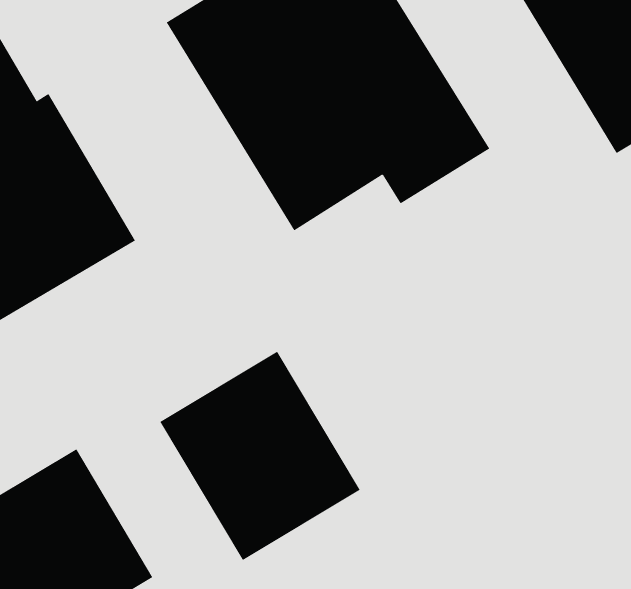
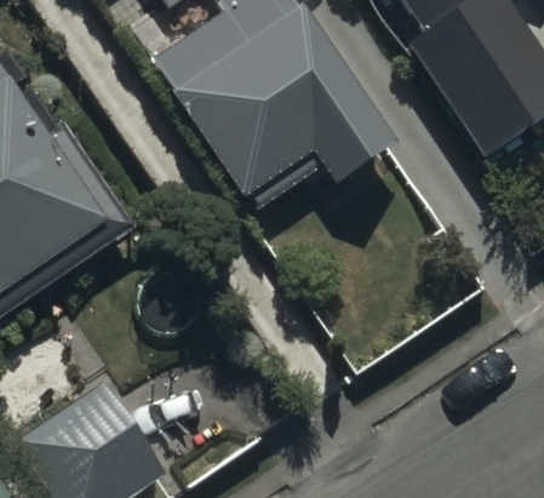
building: [160,351,361,561] -> none

